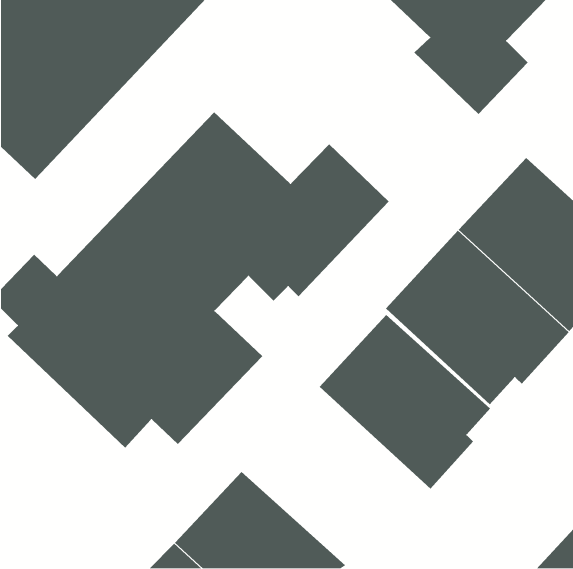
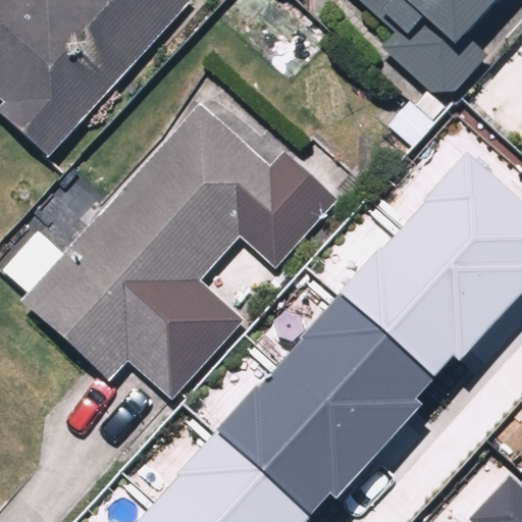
building: none -> [228,347,394,504]

